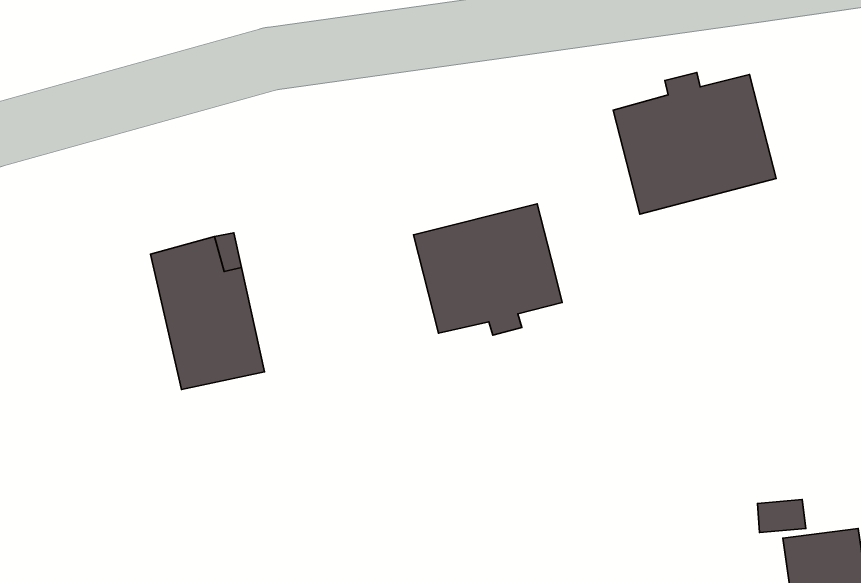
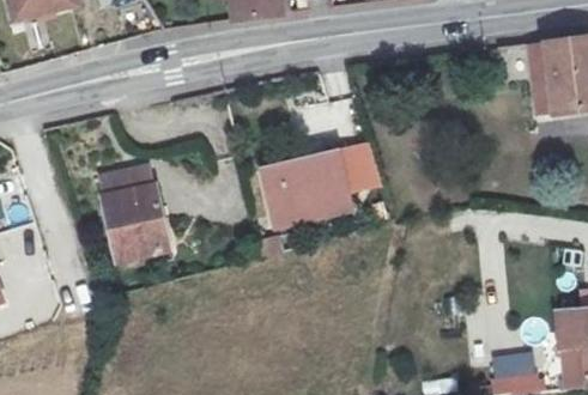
building: [613,72,776,214] -> none
building: none -> [338,142,380,190]

